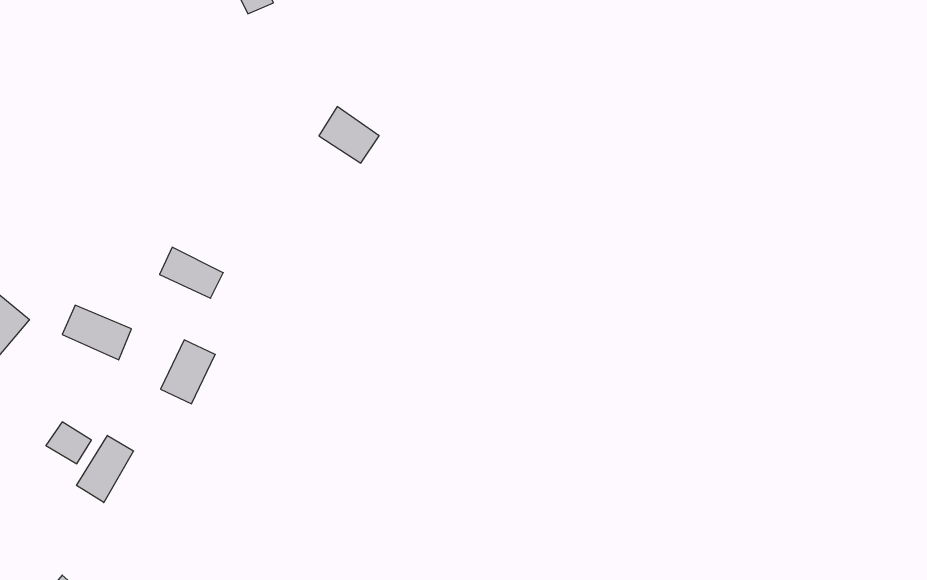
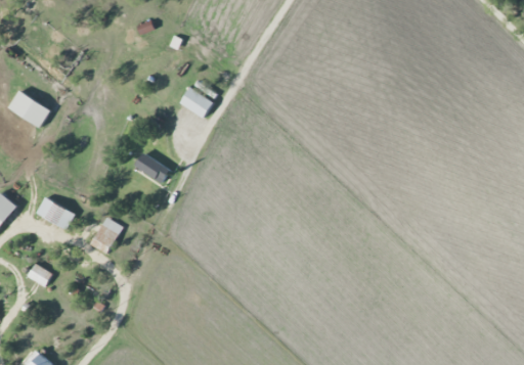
building: none -> [8,91,51,128]
building: [160,247,223,298] -> [134,153,170,182]
building: [77,435,134,503] -> none

